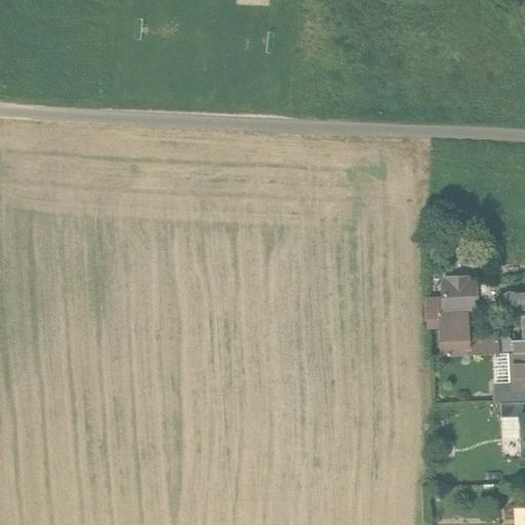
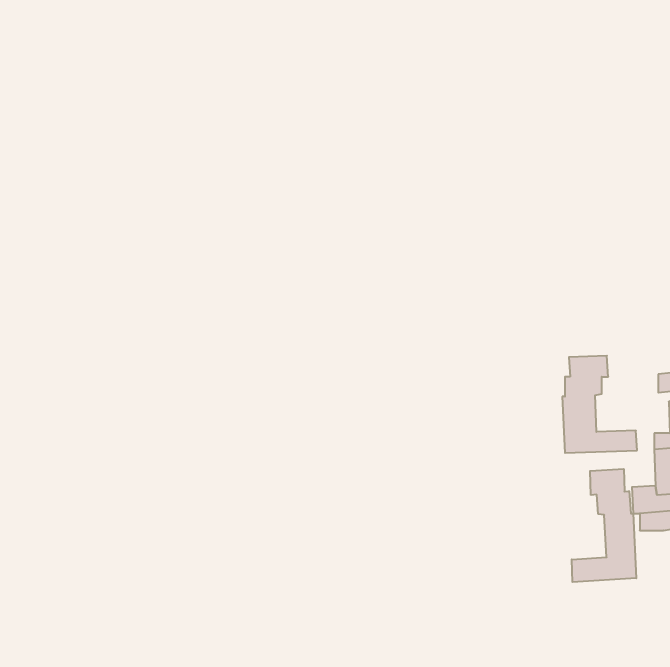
building: none -> [572,469,636,582]

